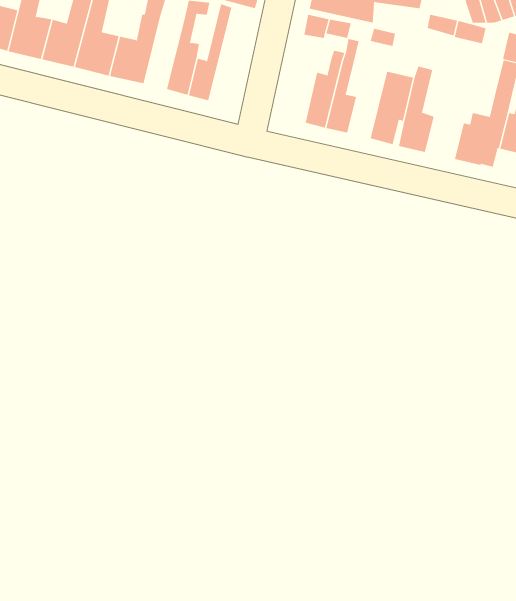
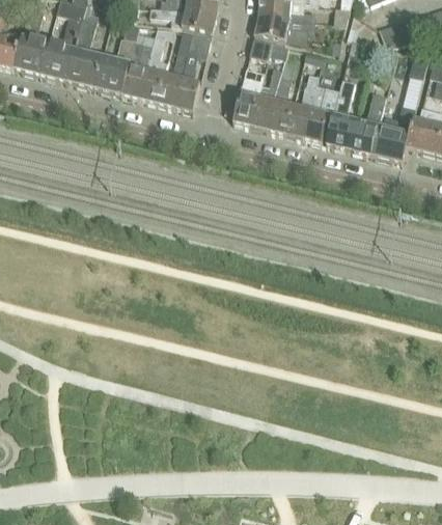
building: none -> [174,32,212,111]
building: none -> [122,39,154,98]
building: none -> [233,66,264,125]
building: none -> [285,73,319,137]
building: none -> [348,91,385,154]

